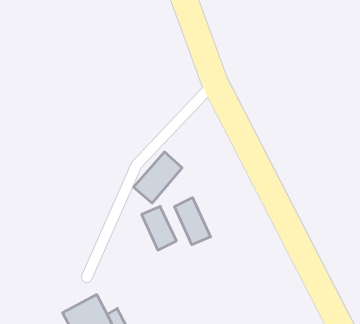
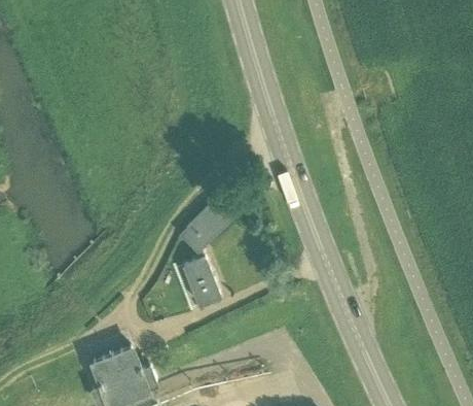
building: [175,198,211,245] -> none

